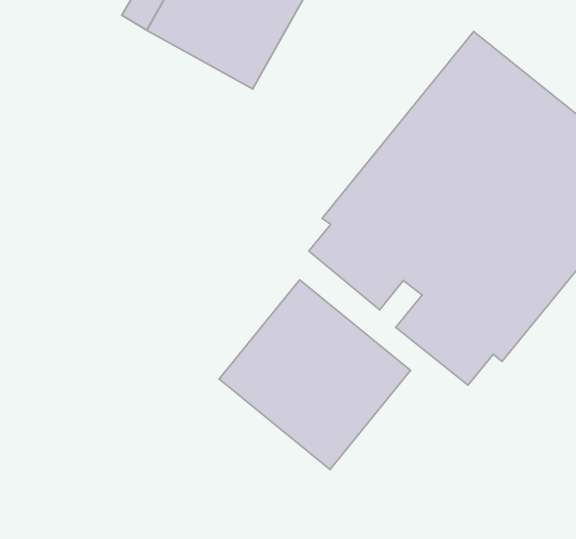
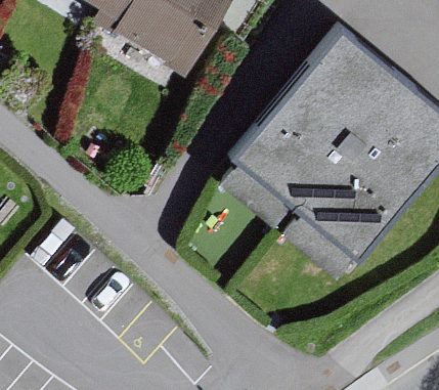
building: [219,280,411,470] -> none

